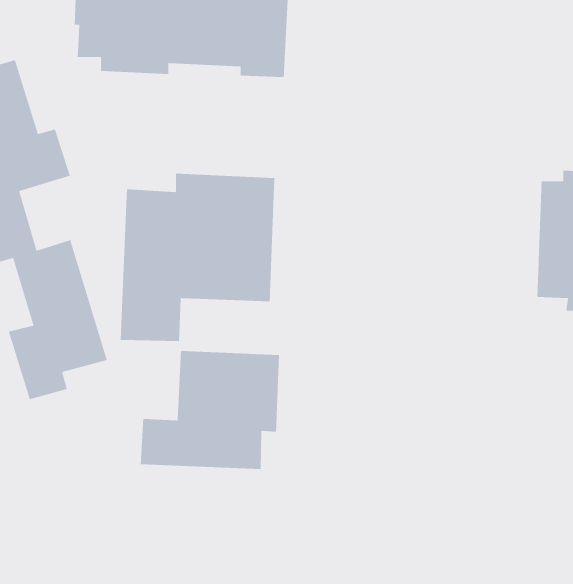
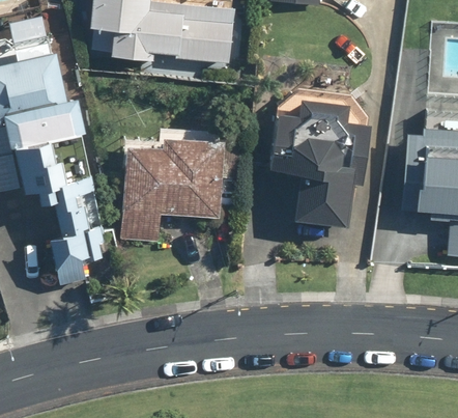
building: none -> [270,89,370,224]
building: [140,350,280,470] -> none

